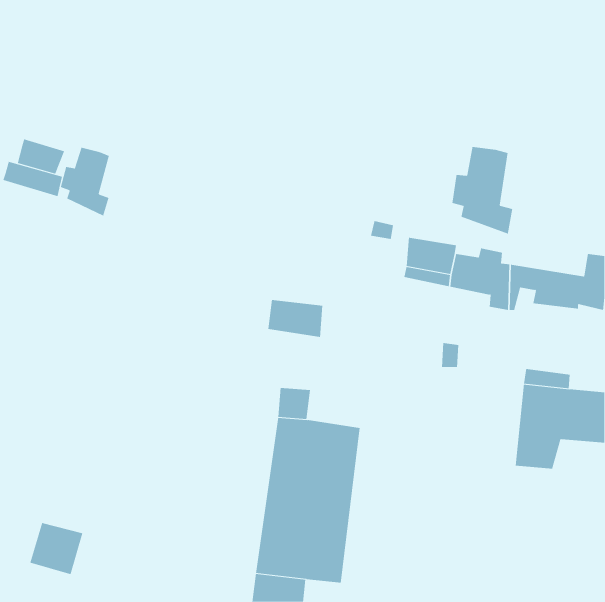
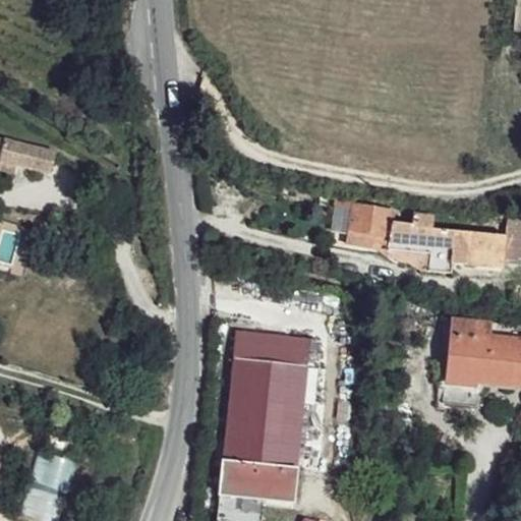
building: [17,139,65,174] -> none
building: [452,146,513,234] -> none
building: [60,147,110,217] -> none
building: [268,299,323,337] -> [264,335,311,367]

